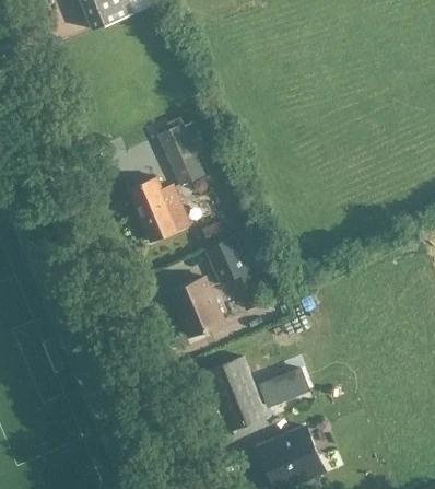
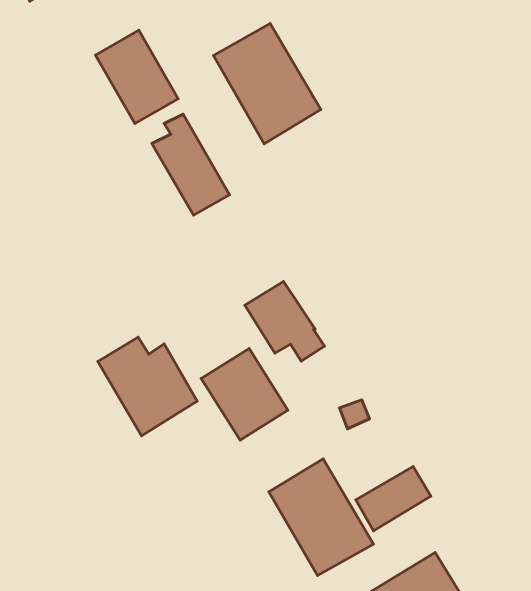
building: none -> [95,30,178,124]
building: none -> [213,23,321,144]
building: [130,176,191,241] -> [98,337,197,436]

